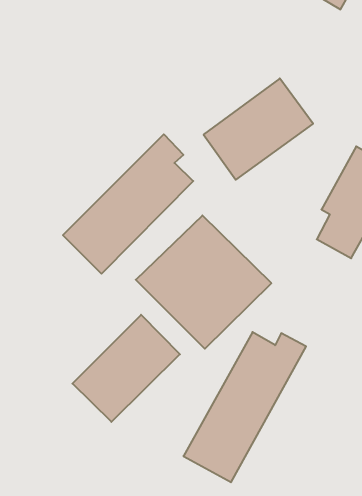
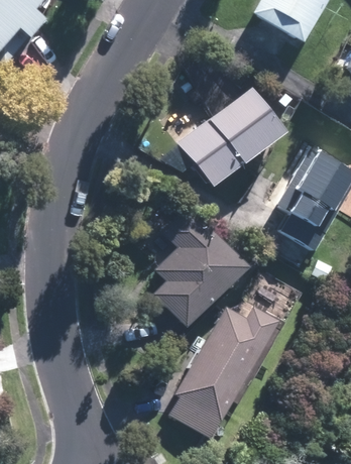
building: [63,134,193,274] -> none
building: [72,315,180,422] -> none

